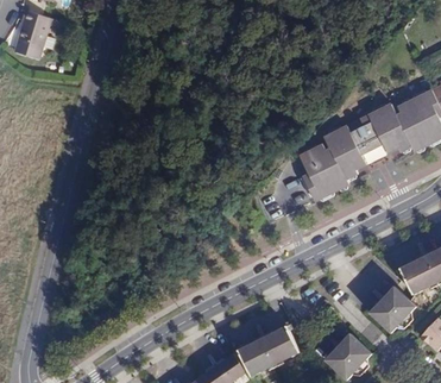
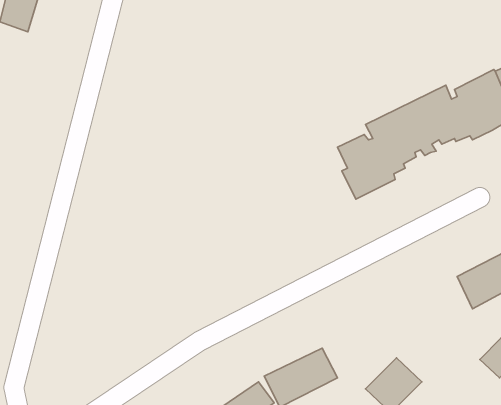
building: [368,287,415,333] -> none

